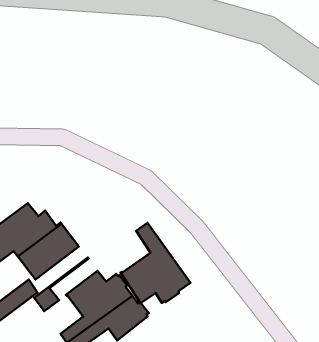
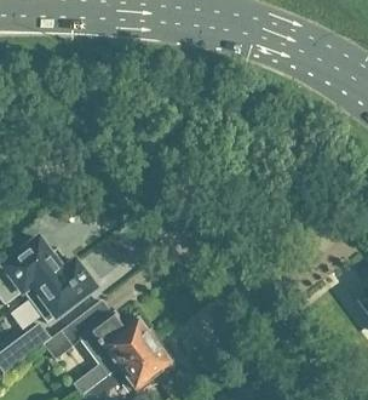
building: [121,223,191,303] -> none

